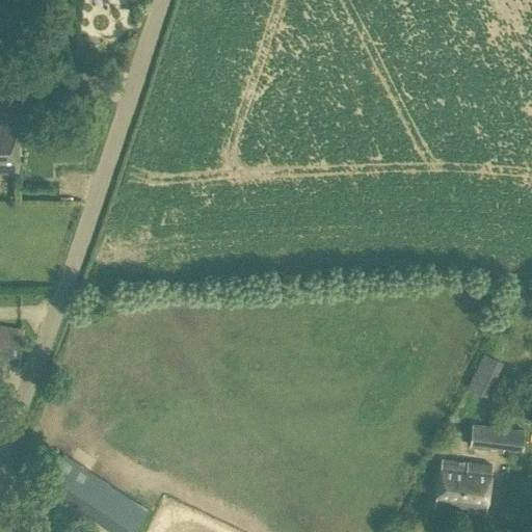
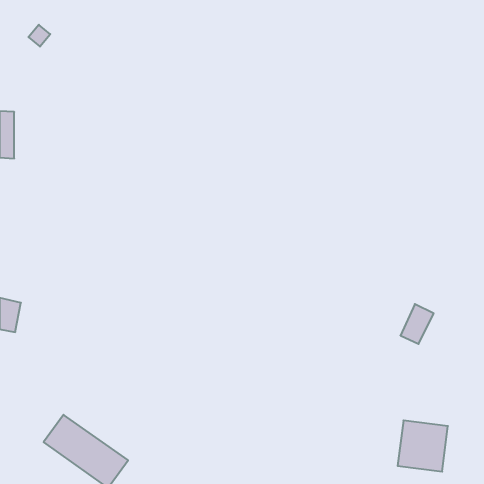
building: [466,353,502,397] -> [400,304,434,344]
building: [468,425,505,452] -> none

